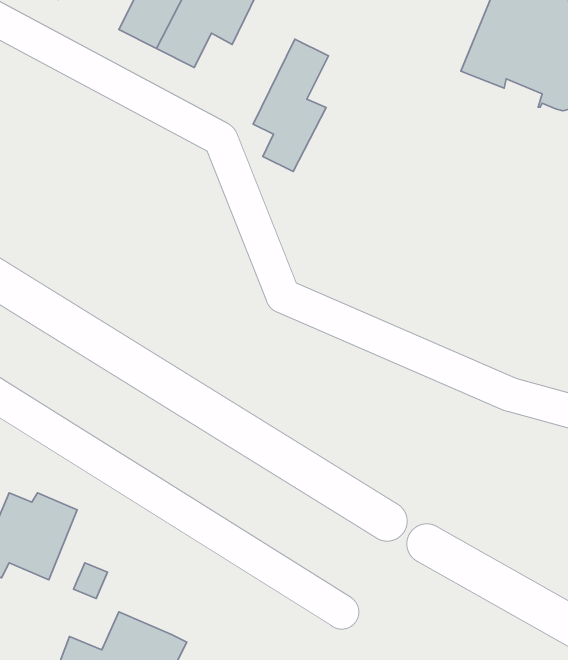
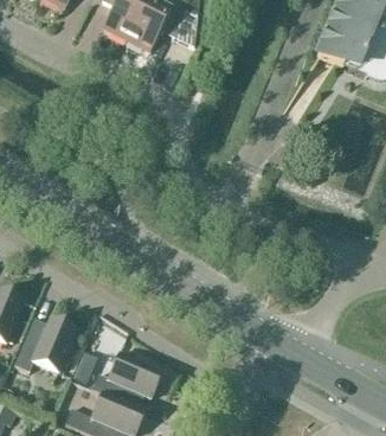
building: [253,39,328,172] -> none
building: none -> [91,352,161,405]

